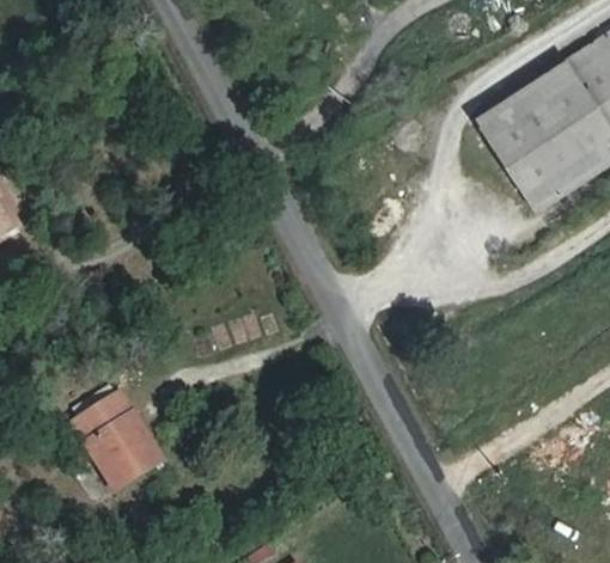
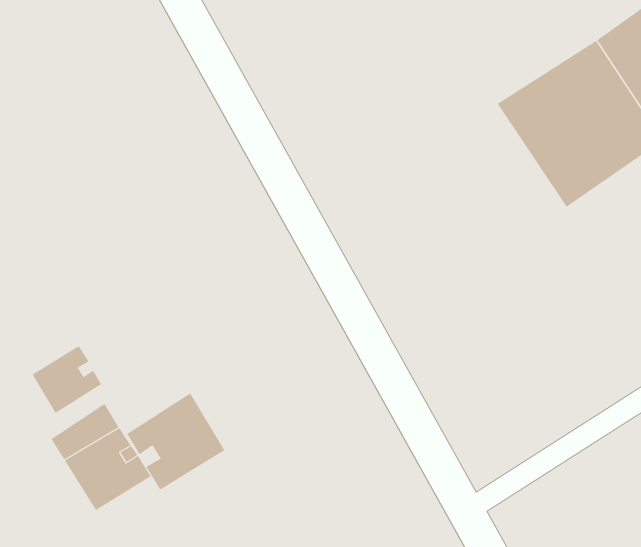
building: none -> [32,345,102,414]
building: none -> [127,393,225,491]

